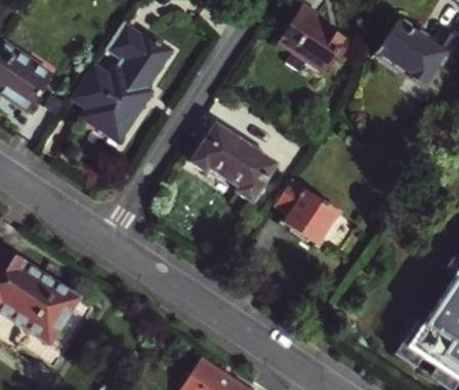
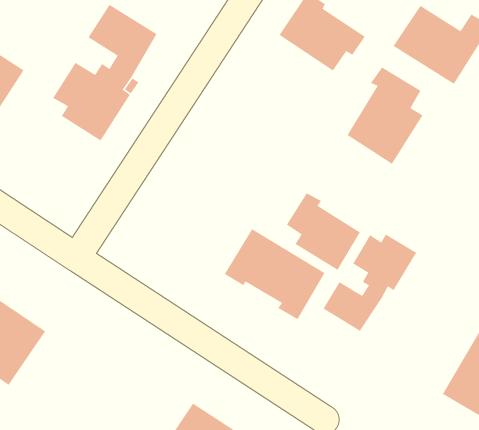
building: none -> [347,66,423,165]
building: [195,124,281,202] -> [224,228,326,320]
building: none -> [323,234,417,332]

